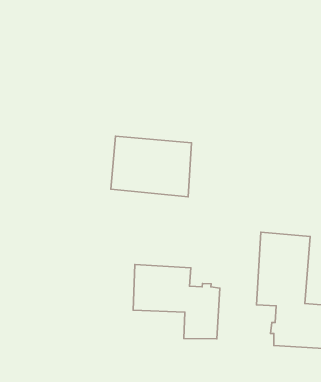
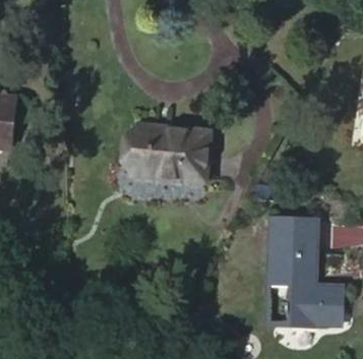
building: [133,264,220,339] -> none

